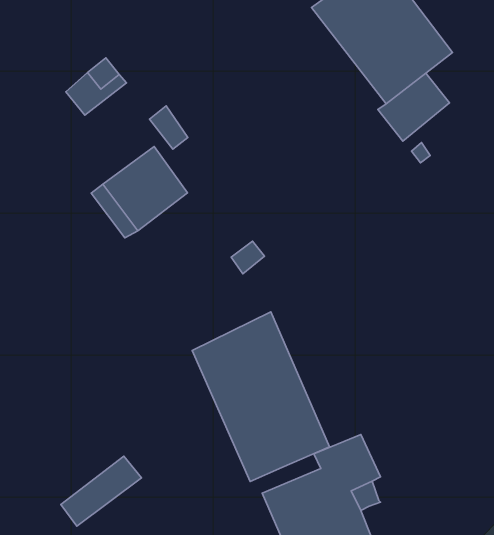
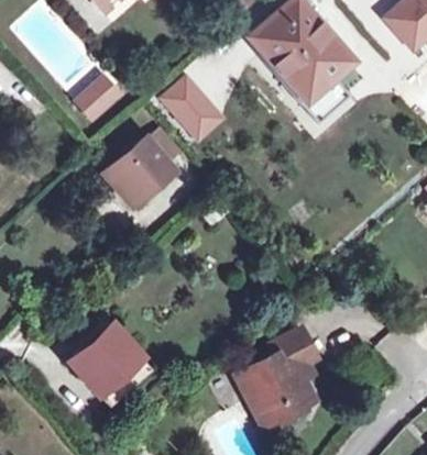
building: none -> [161,71,226,140]
building: [192,312,329,481] -> none
building: none -> [68,318,138,390]

